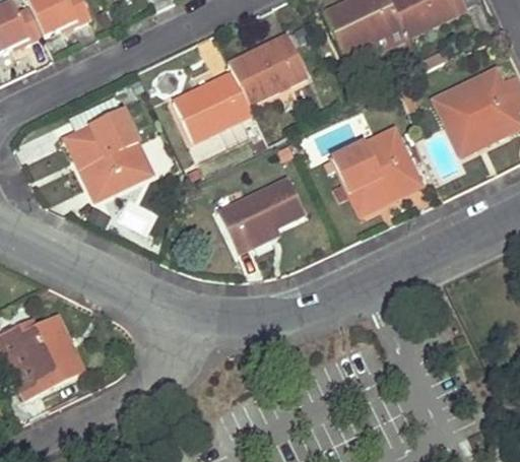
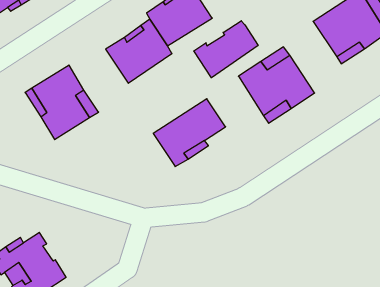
building: none -> [194,21,258,78]

